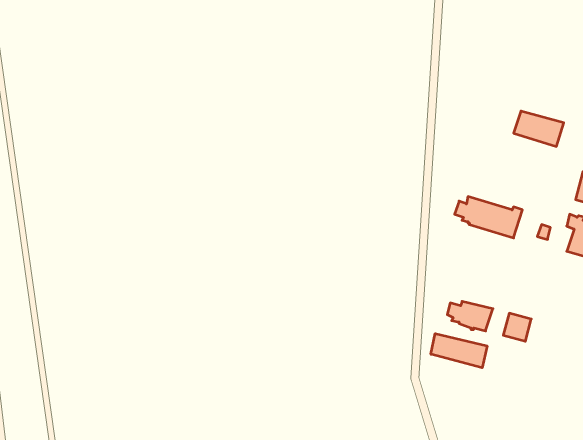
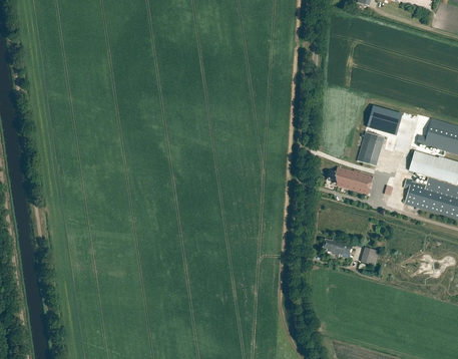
building: none -> [358,129,385,164]
building: [431,334,487,368] -> none

